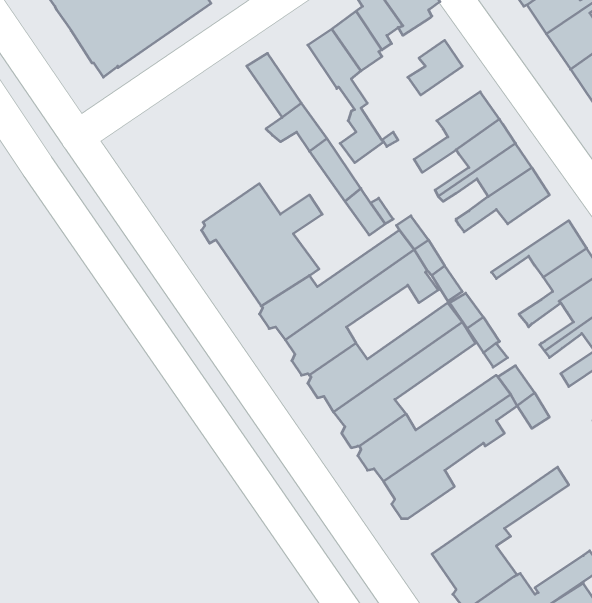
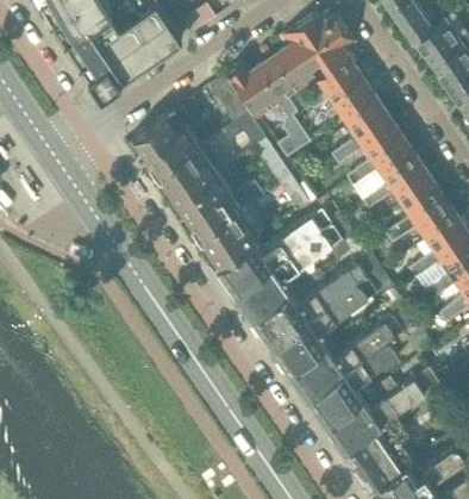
building: none -> [308,51,355,110]
building: none -> [229,64,275,116]
building: none -> [327,87,381,127]
building: none -> [132,111,218,202]
building: none -> [386,182,446,239]
building: none -> [327,368,438,448]

